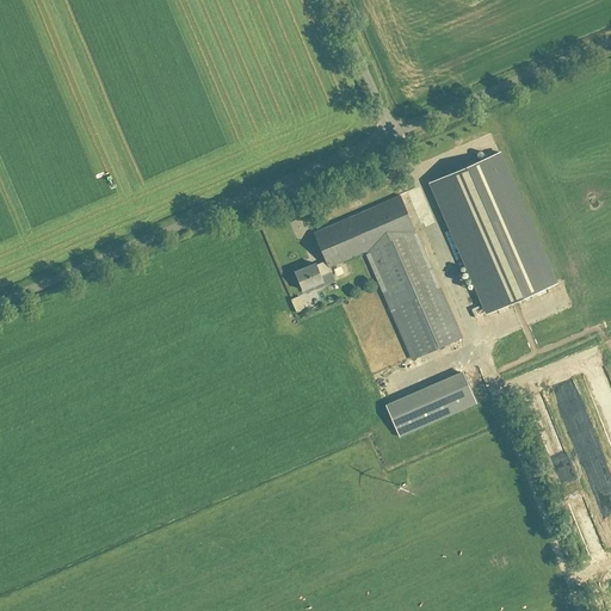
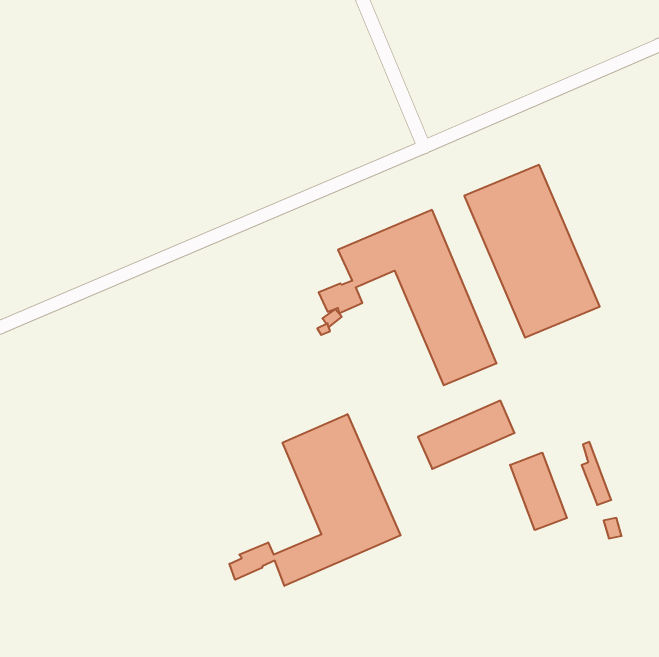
building: none -> [229,414,401,586]
building: none -> [510,453,567,530]

